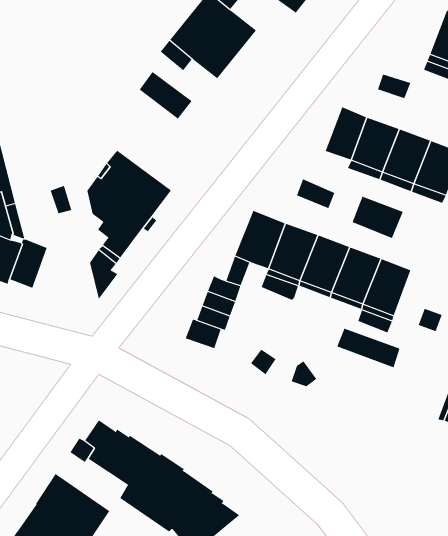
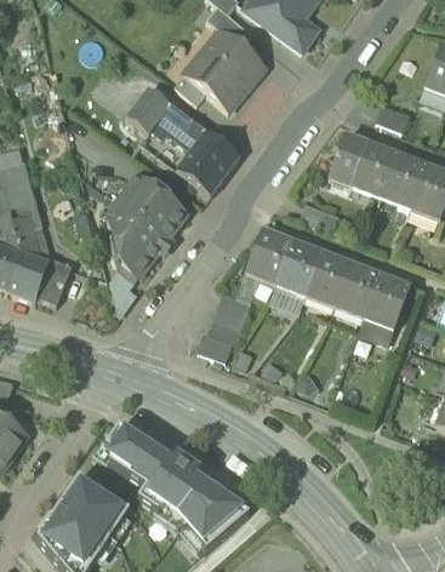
building: none -> [127,86,169,131]
building: none -> [177,130,240,194]
building: [352,196,404,239] -> none
building: [336,328,400,368] -> none

